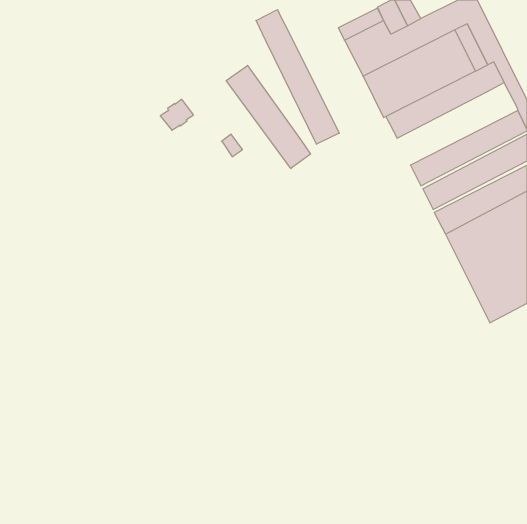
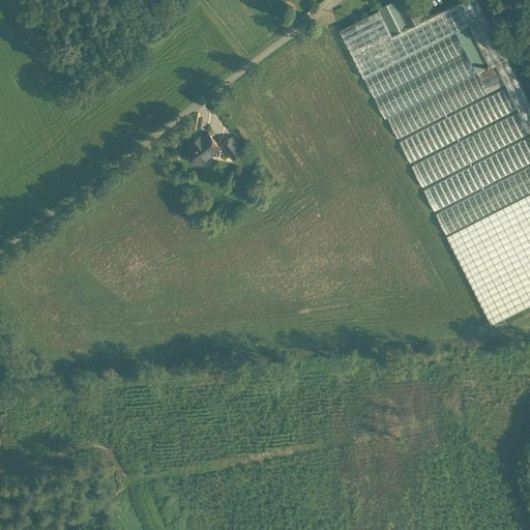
building: [256,10,339,144] -> none
building: [226,65,311,169] -> none
building: none -> [400,89,519,166]
building: [160,99,193,130] -> [186,134,219,165]

